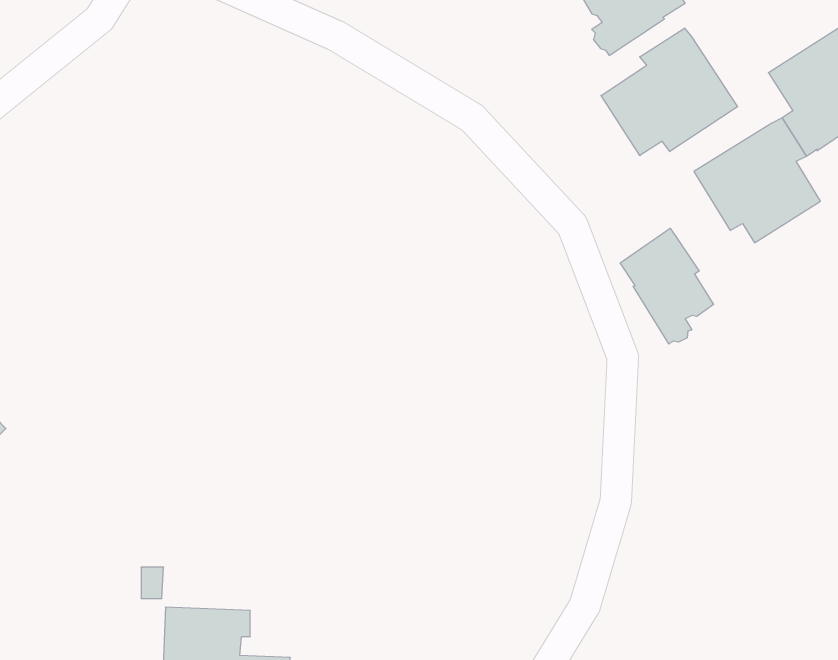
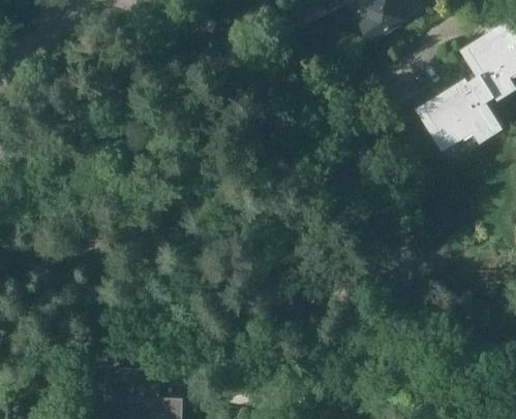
building: [601,28,738,156] -> none
building: [620,228,714,344] -> none

